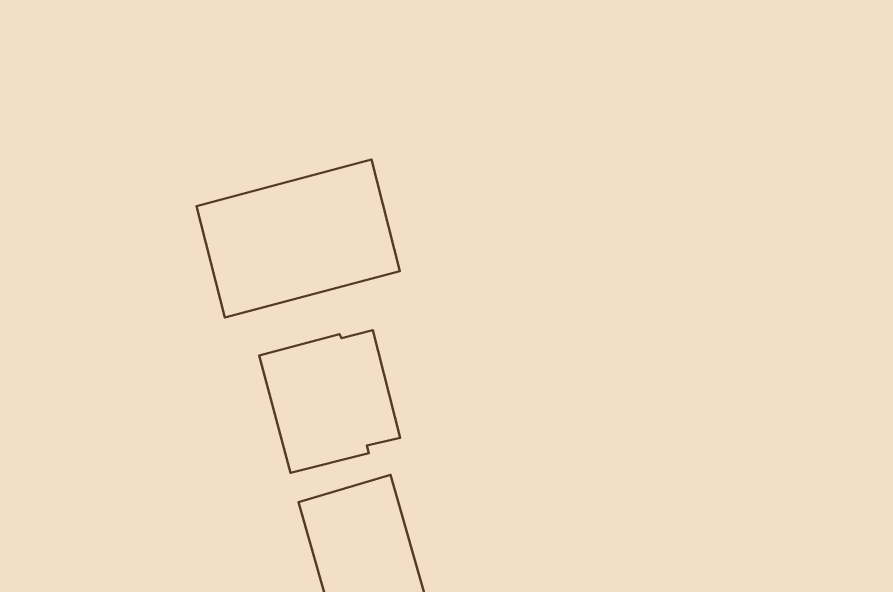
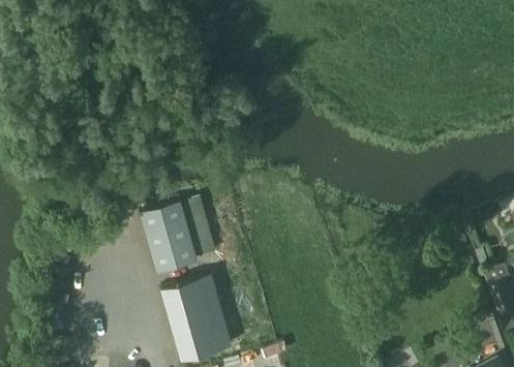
building: [197,159,400,318] -> none

